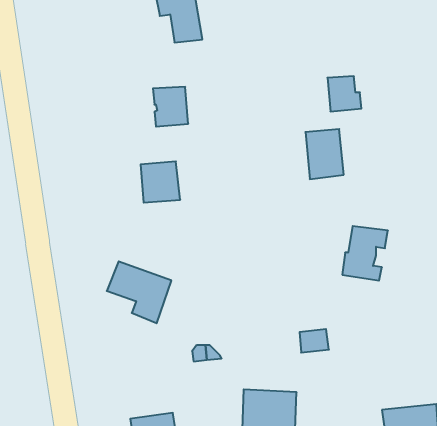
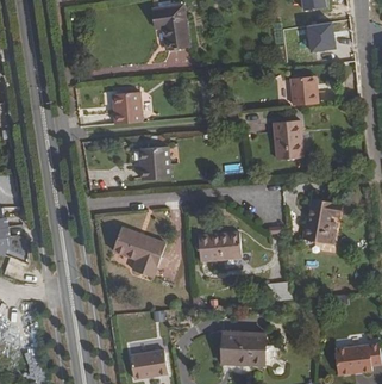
building: none -> [306,21,333,51]
building: [153,87,188,127] -> [112,92,140,124]
building: none -> [198,231,240,260]

